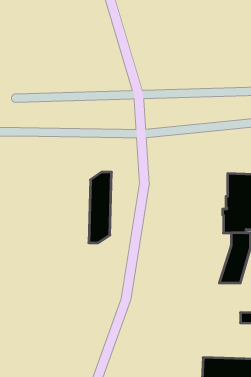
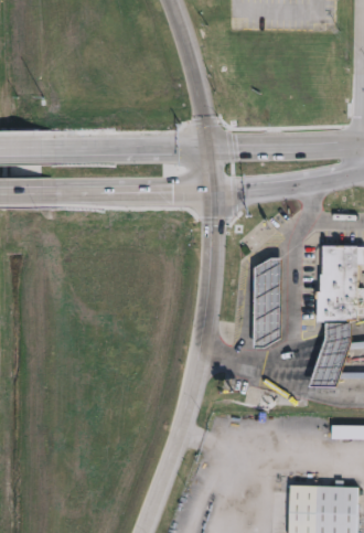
building: [89,172,112,243] -> [251,256,281,348]

